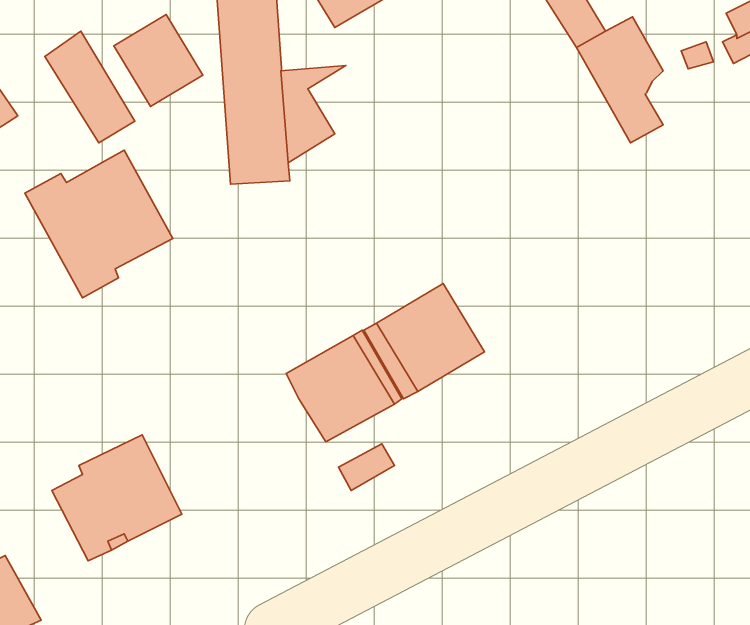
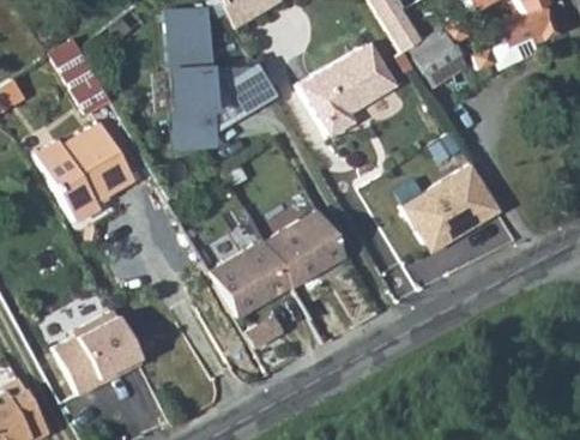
building: [114,15,203,106] -> none
building: none -> [298,43,393,135]
building: none -> [226,60,276,109]
building: none -> [399,165,496,248]

